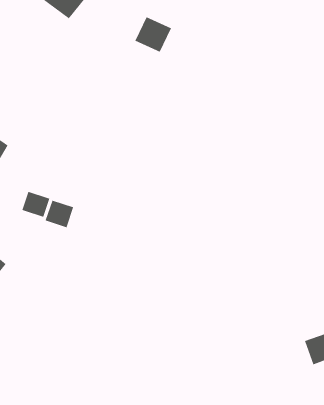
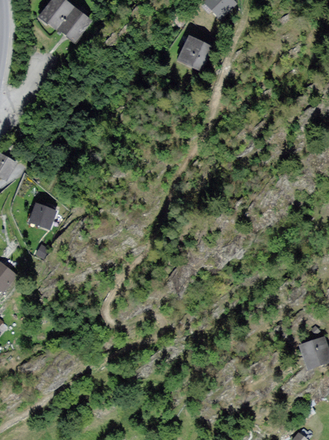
building: [135,16,172,53] -> [177,37,212,71]
building: [45,200,74,228] -> none

